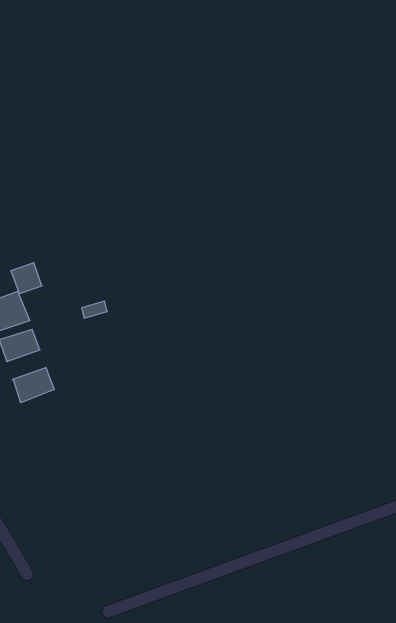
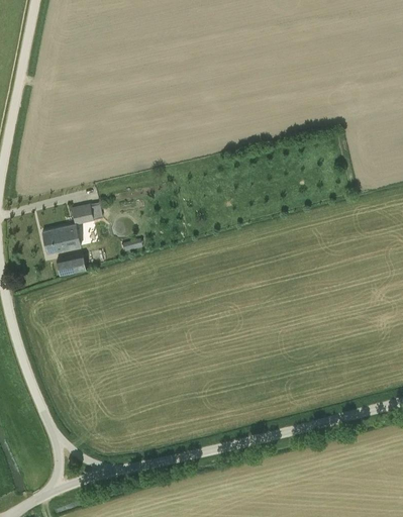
building: [13,367,54,403] -> none

